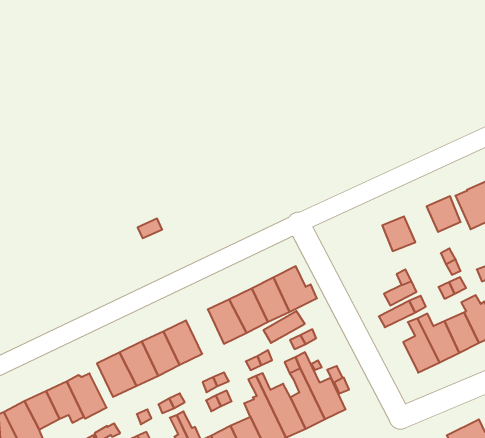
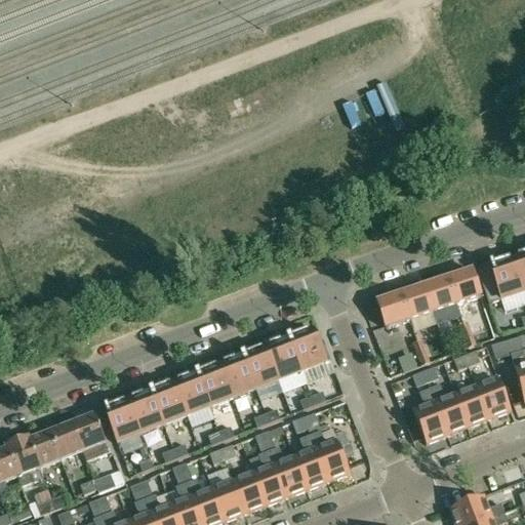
building: none -> [425,276,457,311]
building: none -> [377,291,410,327]
building: none -> [197,361,233,405]

